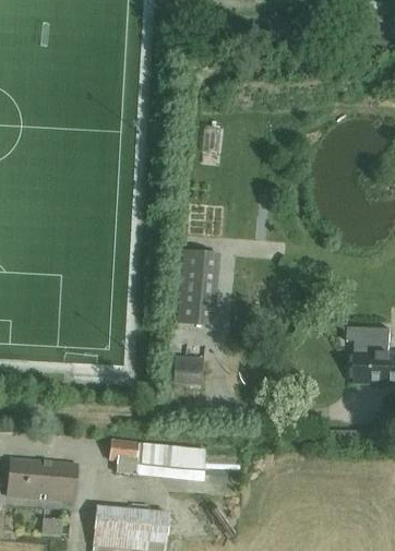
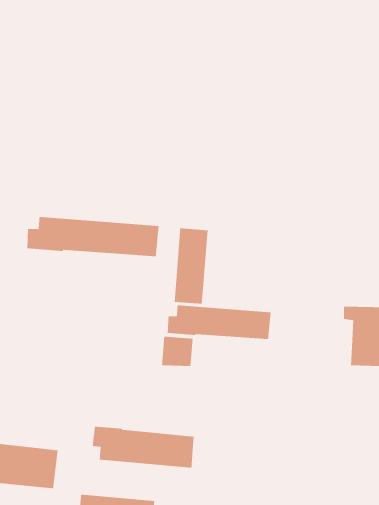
building: none -> [26,216,159,257]
building: none -> [167,305,271,340]

